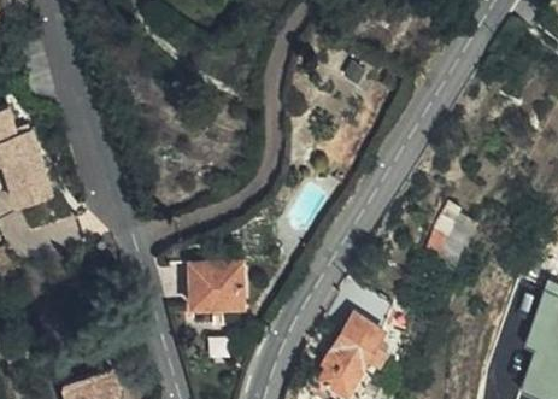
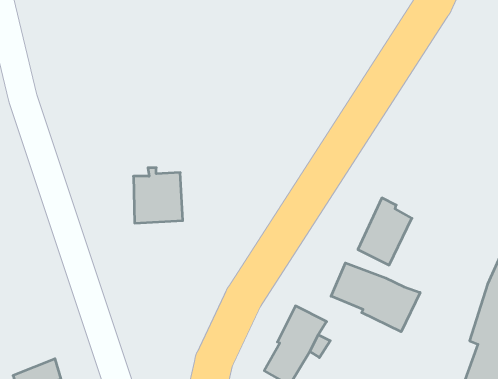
building: [193,257,242,312] -> [133,168,183,223]
building: none -> [331,263,420,332]

